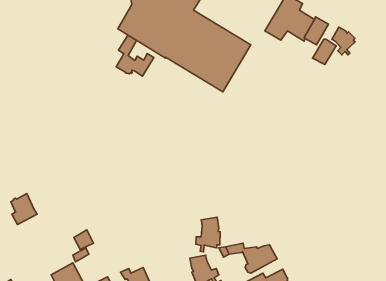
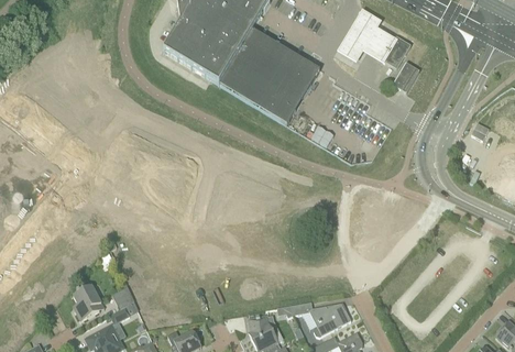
building: [332,27,355,55] -> none
building: [116,35,154,76] -> none
building: [11,193,37,224] -> [74,284,105,320]
building: [196,217,220,252] -> none

